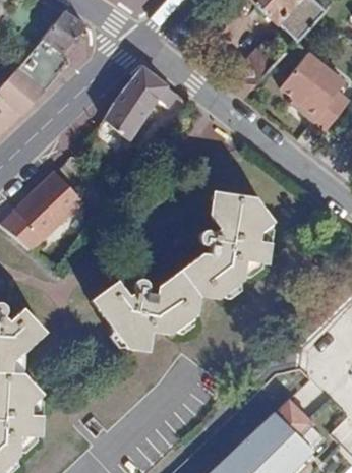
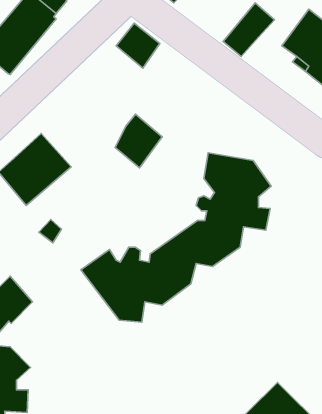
building: [106,88,151,139] -> [115,114,162,168]

